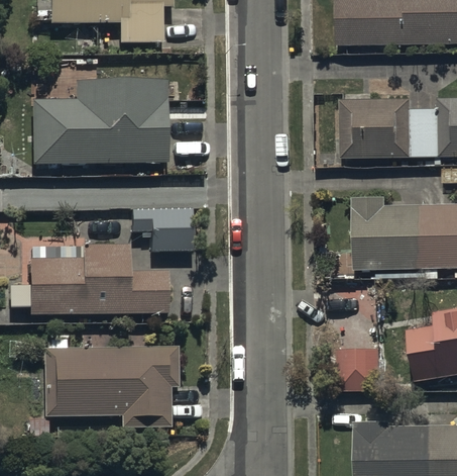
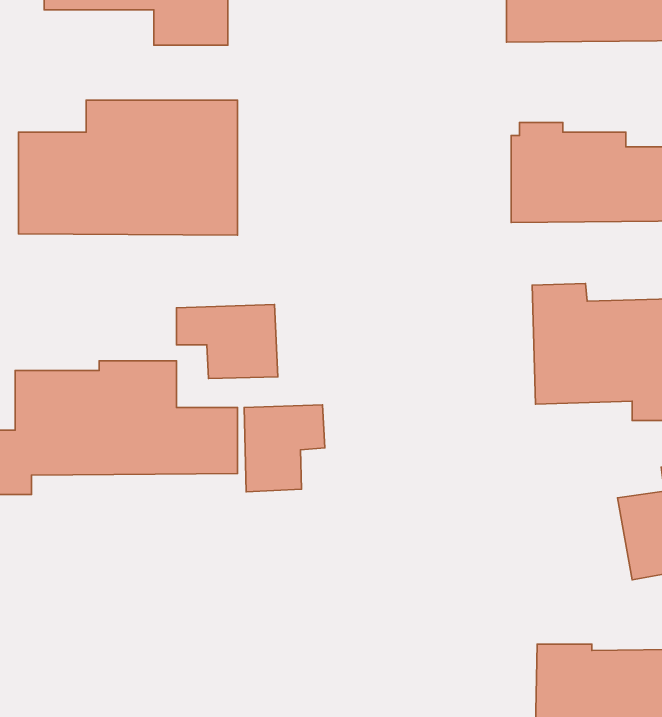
building: none -> [244,405,325,492]
building: [30,347,180,437] -> none
building: [341,347,380,392] -> none

